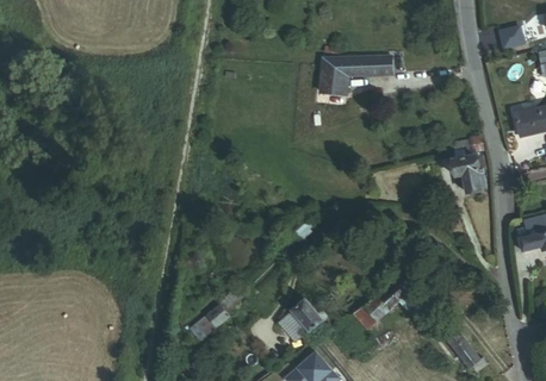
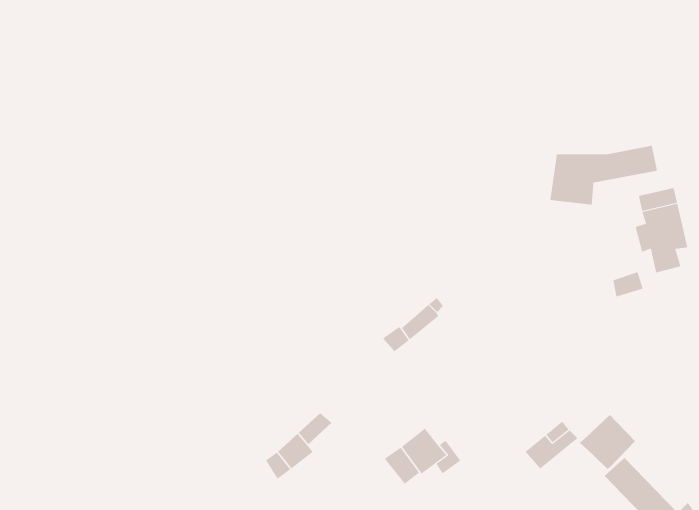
building: [314,55,389,96] -> [549,145,658,205]
building: none -> [579,414,636,470]

